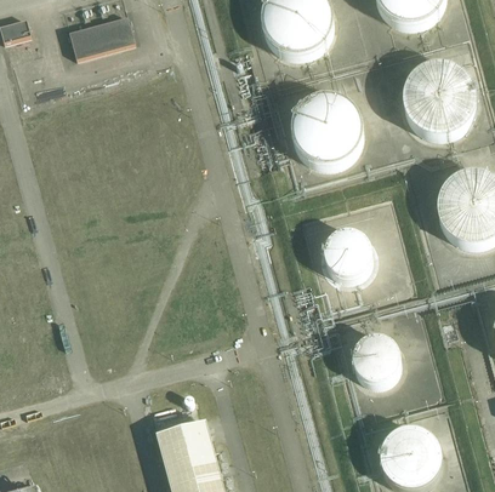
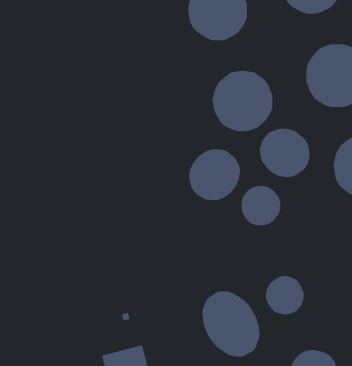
building: [69,17,135,58] -> none
building: none -> [259,128,310,178]
building: none -> [189,149,241,201]
building: none -> [202,290,260,358]

